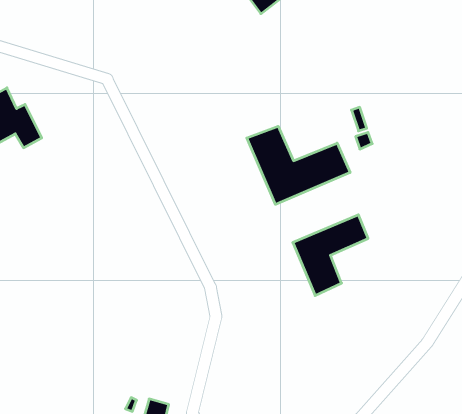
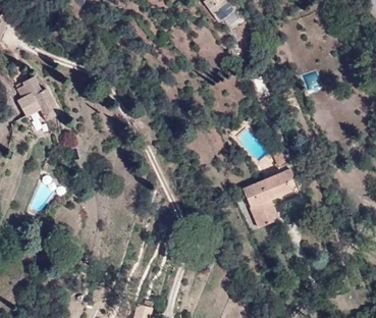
building: [247,126,350,204] -> none

